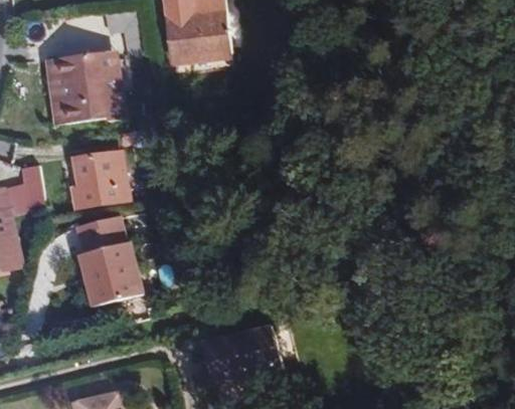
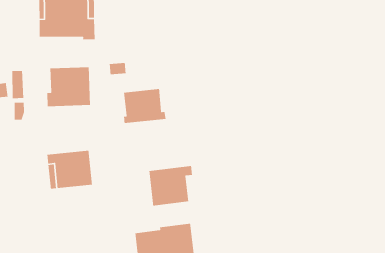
building: [75,215,133,264] -> [123,88,166,124]
building: none -> [148,165,193,206]

